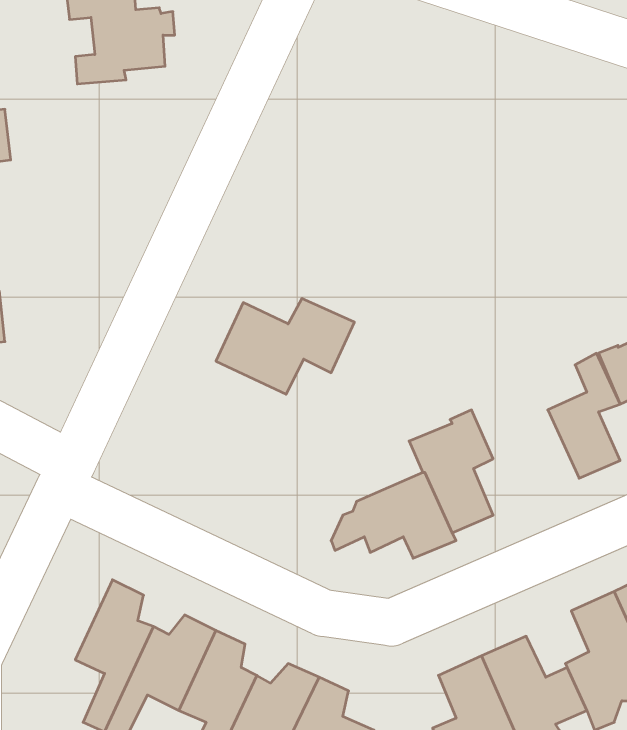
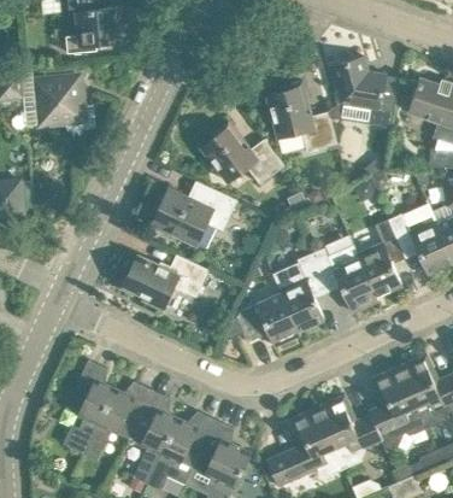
building: none -> [329,57,399,128]
building: none -> [34,76,93,130]
building: none -> [265,81,336,152]
building: none -> [200,121,283,186]
building: none -> [310,245,377,312]
building: none -> [117,254,208,309]

